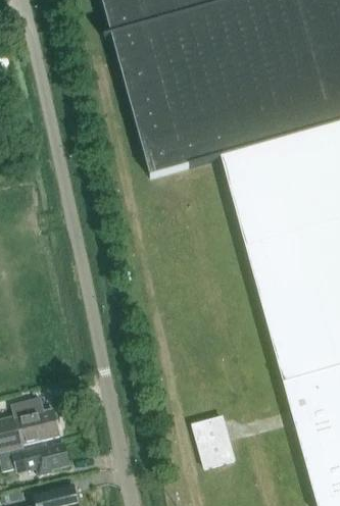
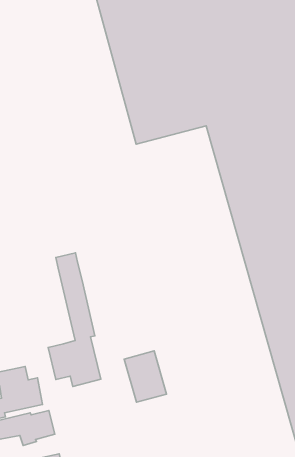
building: none -> [48,253,101,387]
building: [194,417,236,468] -> [124,351,166,402]

